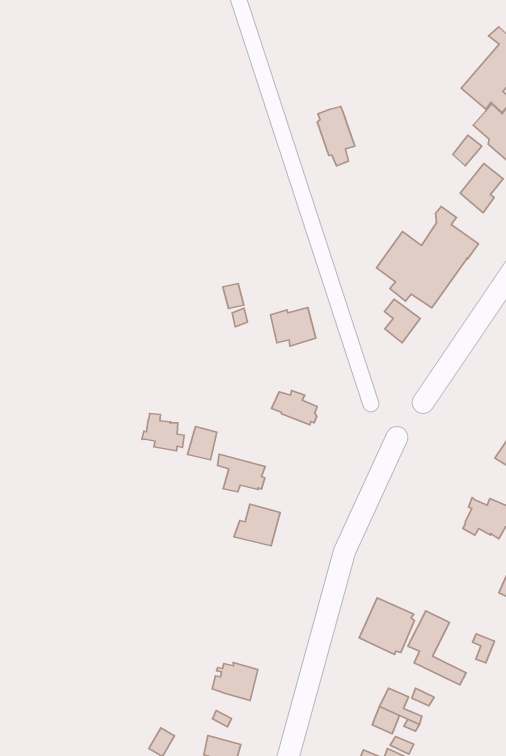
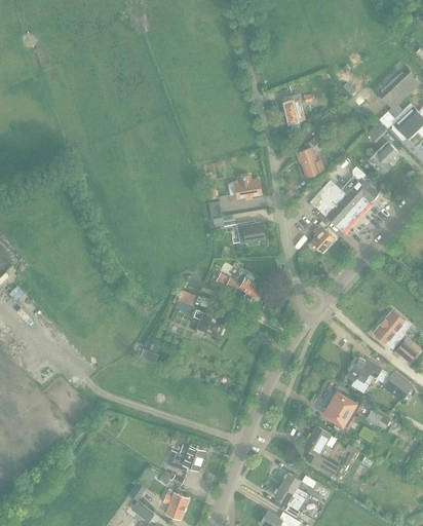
building: none -> [297,147,323,177]
building: none -> [228,175,261,197]
building: [142,414,184,451] -> none
building: [234,504,280,546] -> none
building: [359,598,415,655] -> [320,389,357,427]

